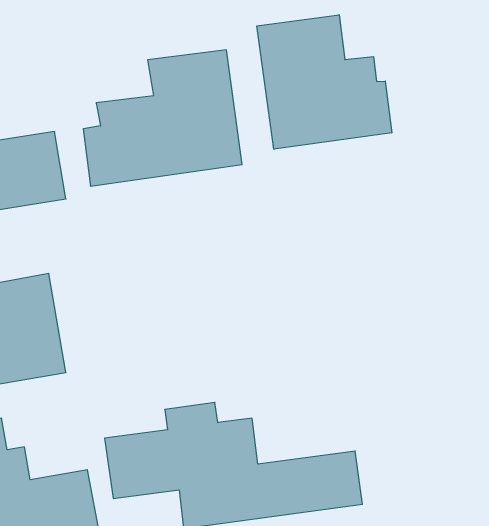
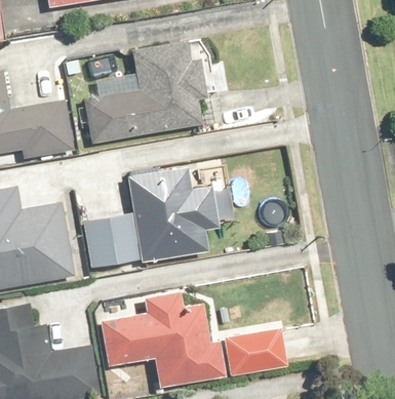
building: [257,15,392,149] -> none
building: none -> [82,169,220,267]

